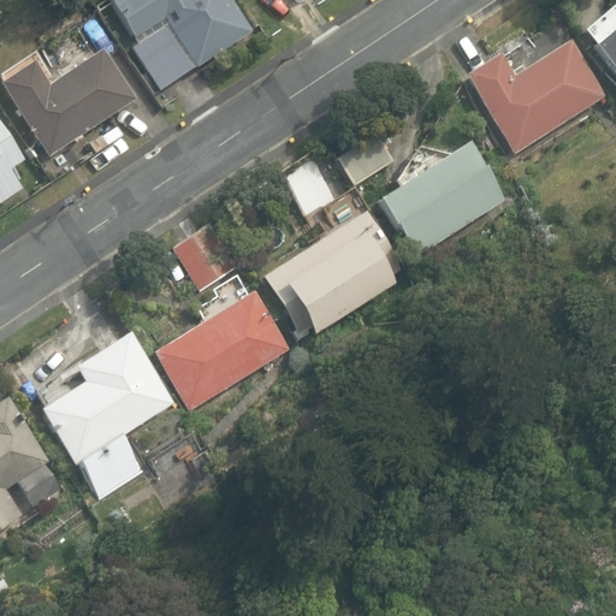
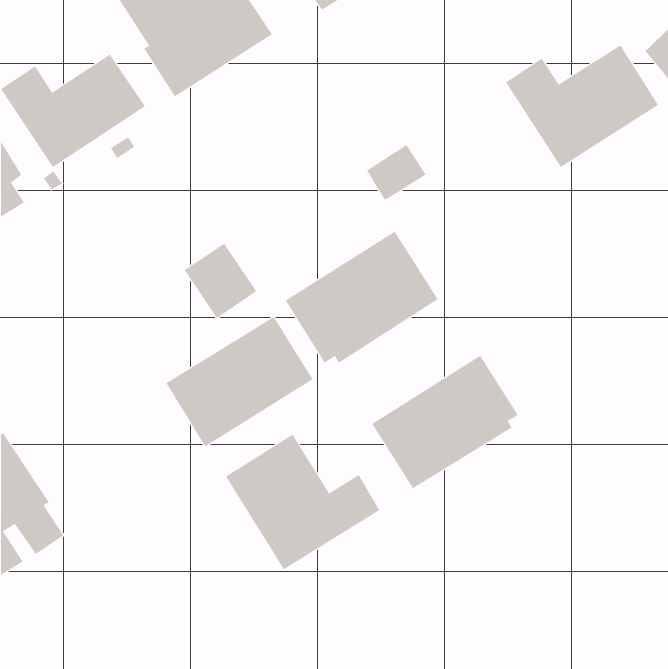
building: [380,142,504,255] -> none
building: none -> [371,355,519,489]
building: [42,333,173,498] -> none
building: none -> [225,434,380,570]

